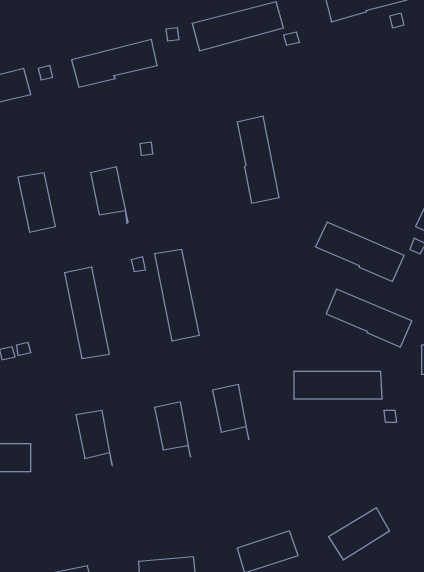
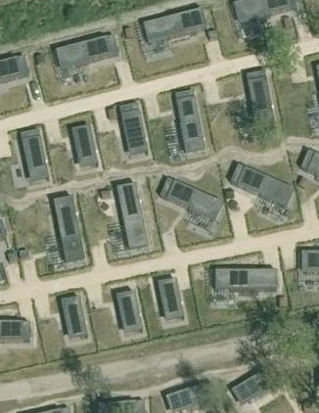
building: none -> [245,71,276,133]
building: none -> [119,103,145,145]
building: [326,289,412,347] -> [161,179,221,220]

